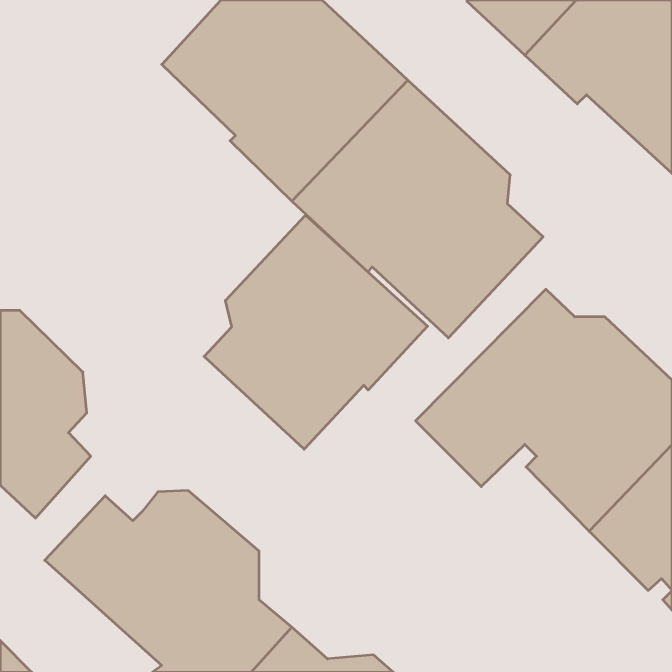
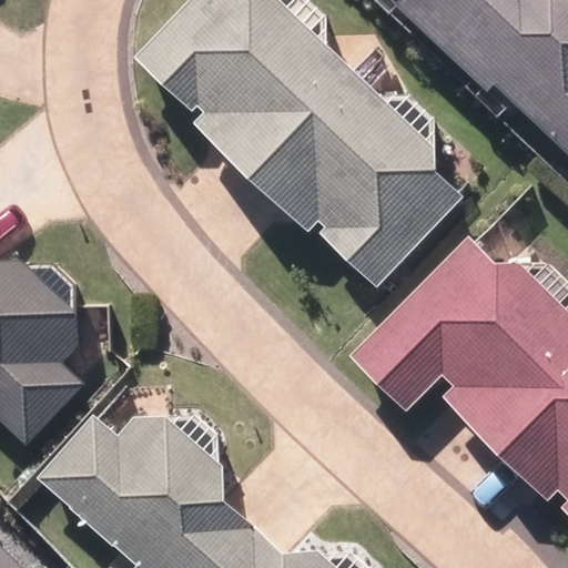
building: [204,215,428,449] -> none

